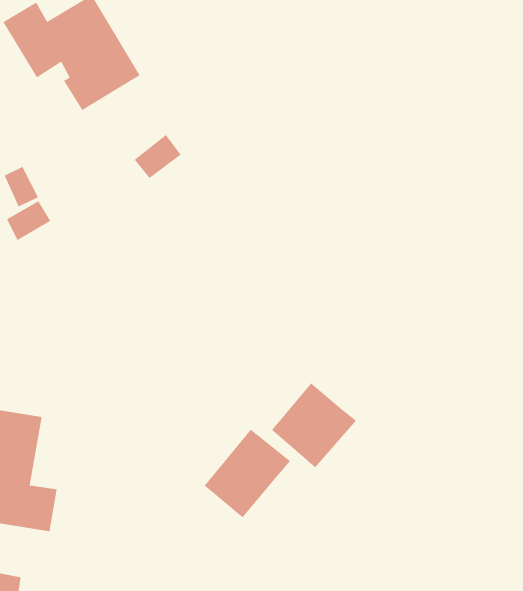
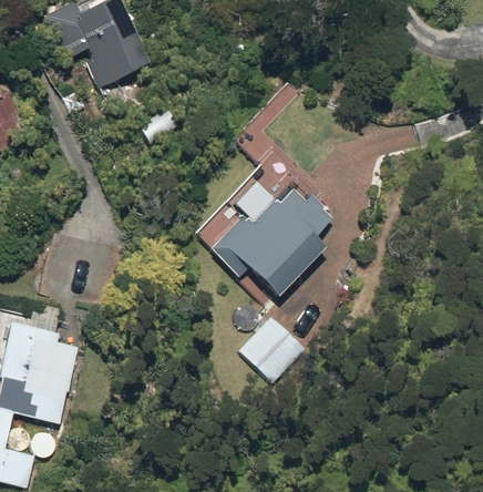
building: none -> [208,178,330,294]
building: [204,429,291,518] -> none

